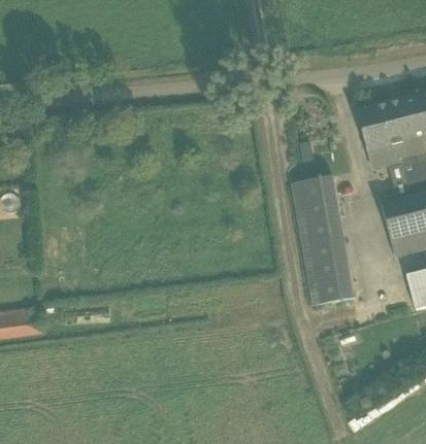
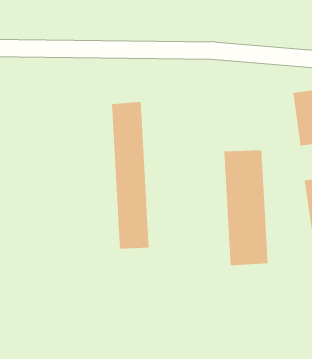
building: none -> [112,101,149,250]

